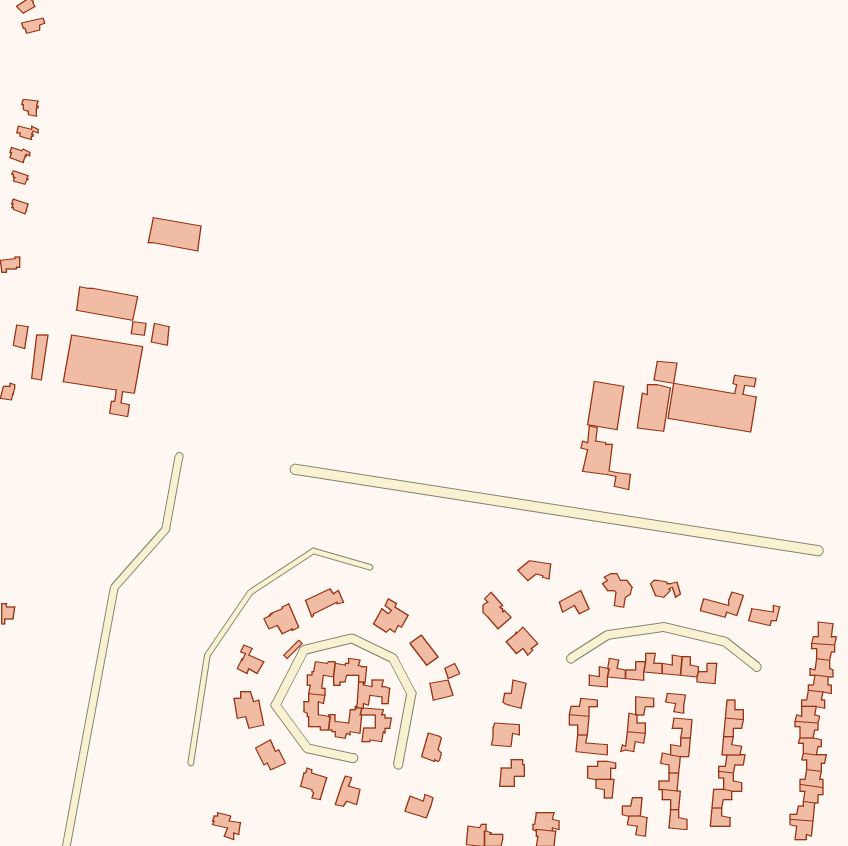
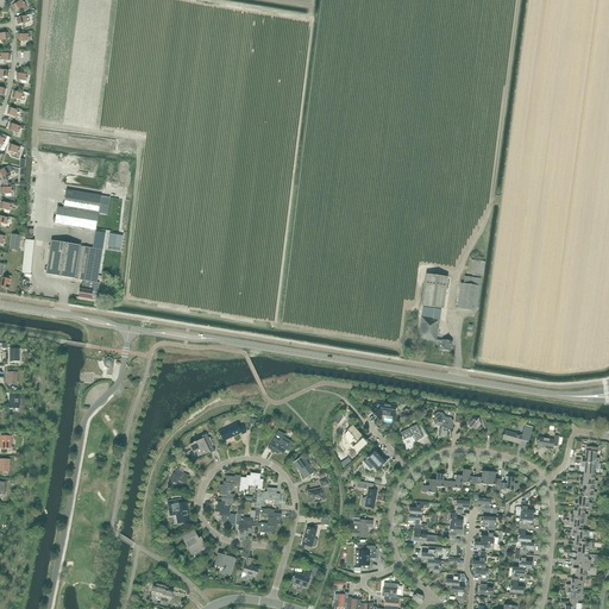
building: [148,218,201,251] -> [63,189,101,213]
building: [668,375,756,432] -> none

